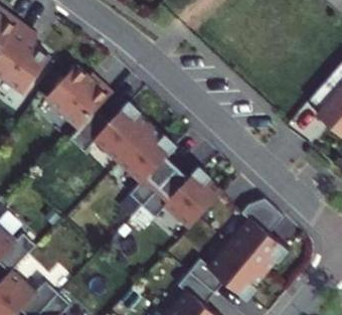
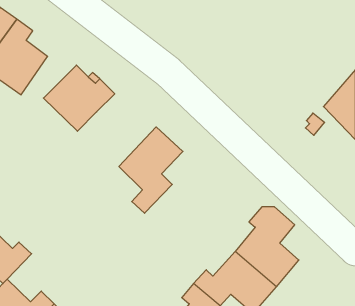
building: [69,102,152,161] -> none
building: [141,168,222,229] -> none

